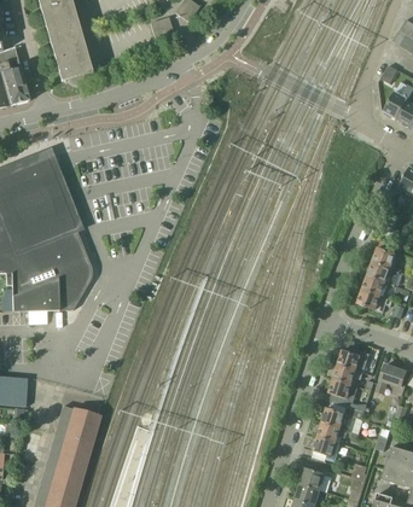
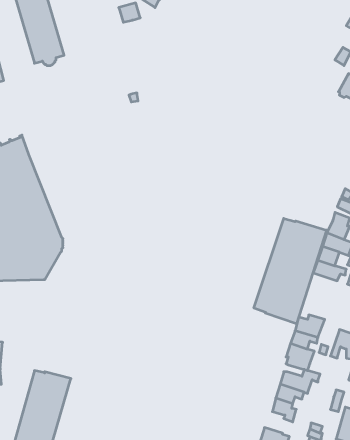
building: none -> [254,218,326,324]

